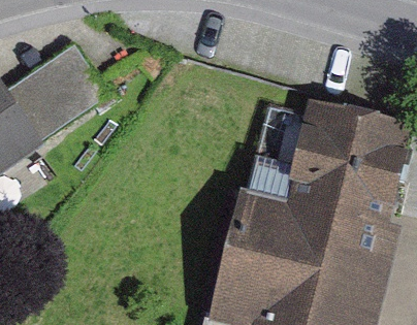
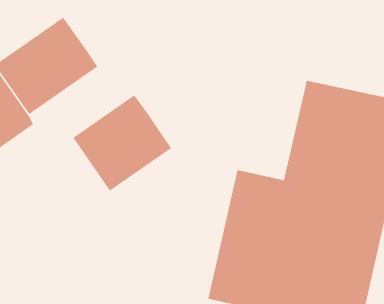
building: none -> [72,94,172,192]

